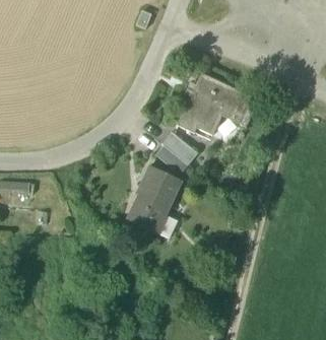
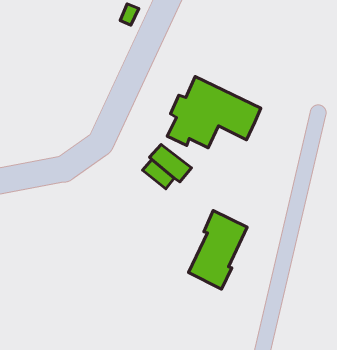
building: [129,165,180,233] -> [189,211,247,289]

